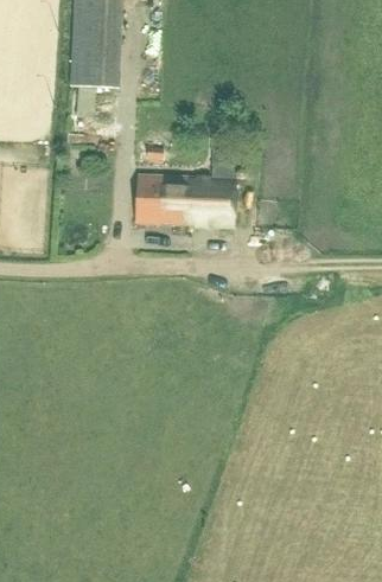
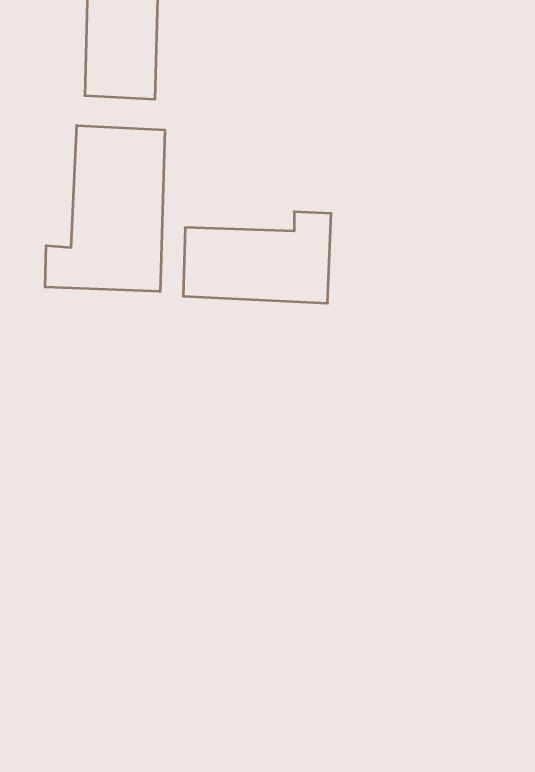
building: none -> [45,125,165,292]

